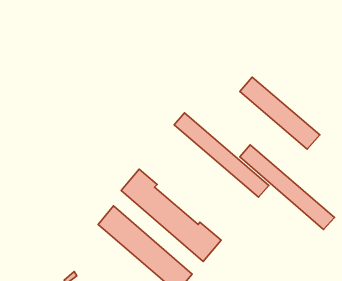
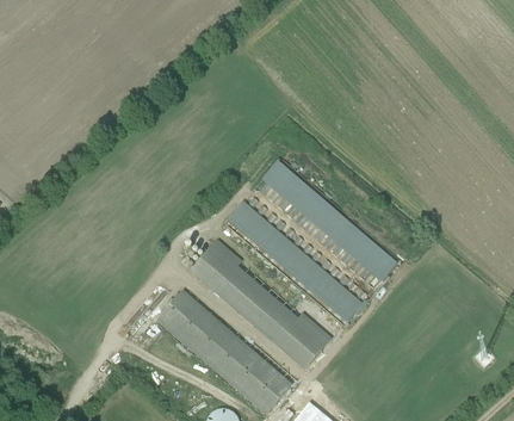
building: [240,77,320,149] -> none
building: [240,145,335,230] -> [229,203,361,321]

